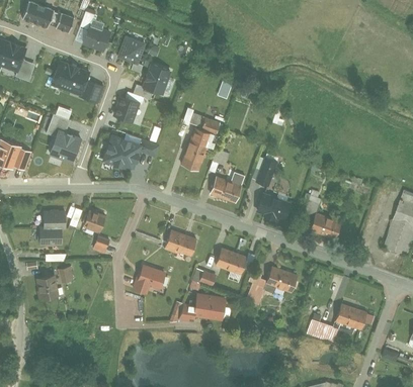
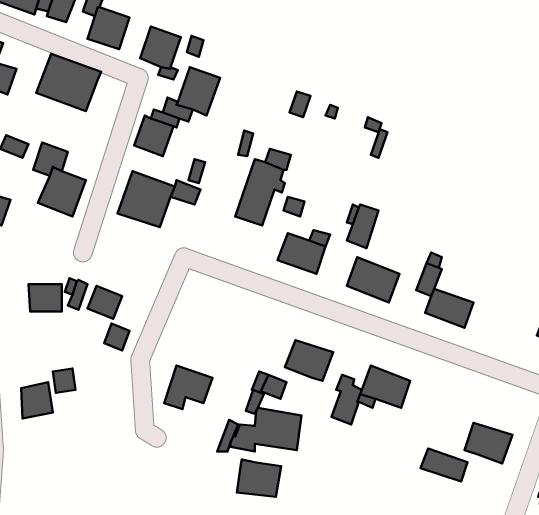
building: [81,73,105,100] -> none
building: [37,228,61,246] -> none
building: [164,229,197,257] -> none
building: none -> [237,459,281,497]

